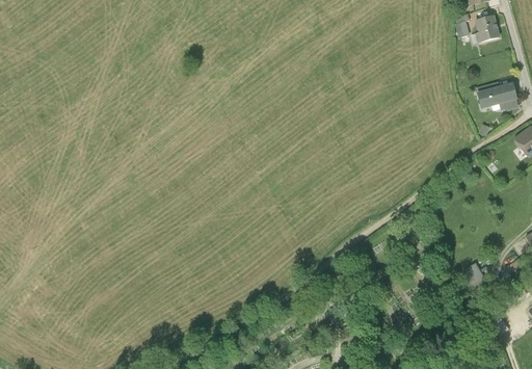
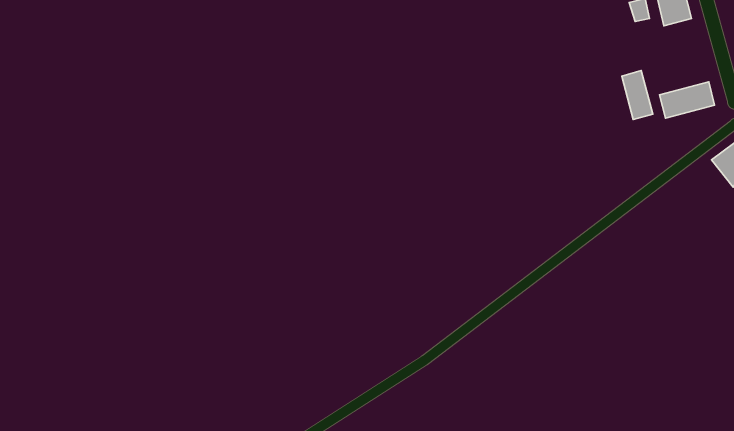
building: none -> [622,71,653,120]

